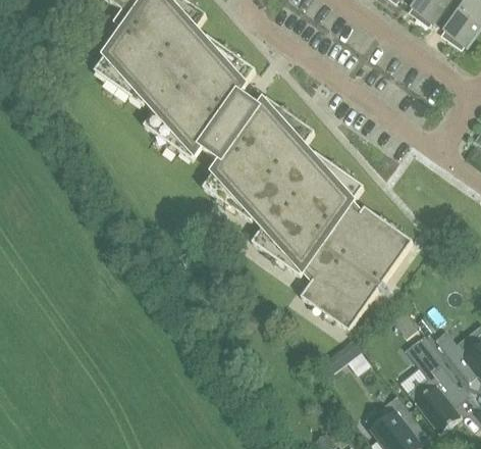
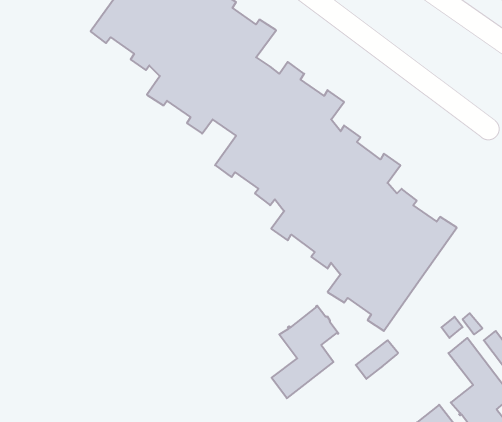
building: none -> [272,306,338,398]

